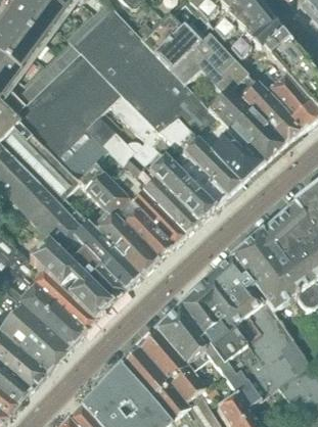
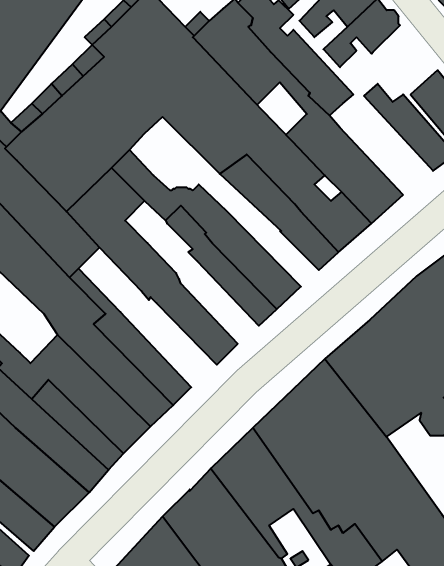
building: [263,29,307,76] -> none
building: [240,76,301,144] -> none
building: [107,91,226,206] -> none
building: [109,163,185,245] -> none
building: [91,209,156,275] -> none

